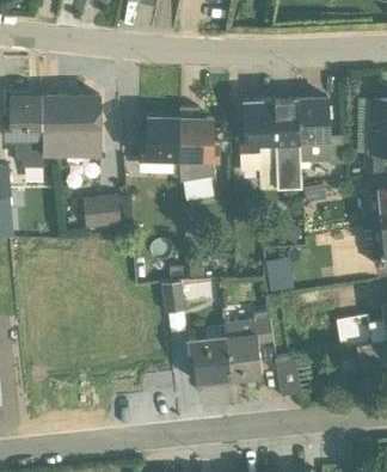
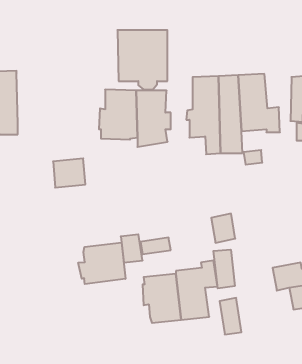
building: [42,97,99,165] -> [117,30,167,89]
building: none -> [78,243,125,284]
building: none -> [213,250,235,288]

